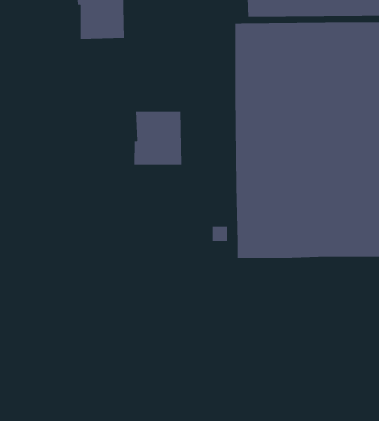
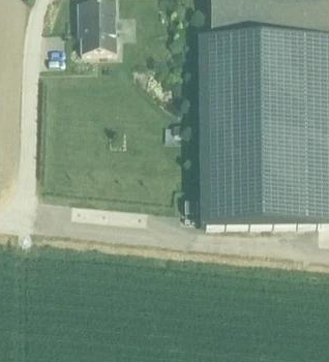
building: [134,111,182,166] -> none

